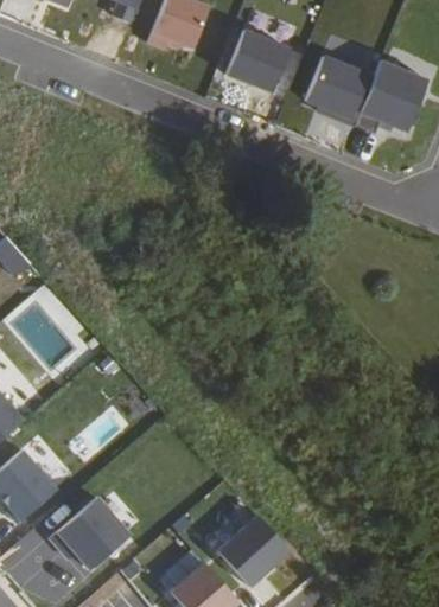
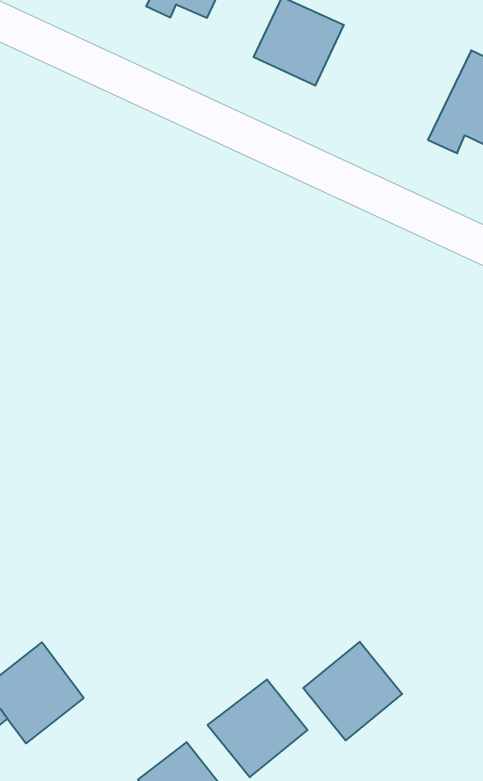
building: [306,56,369,122] -> none
building: none -> [303,642,402,740]

